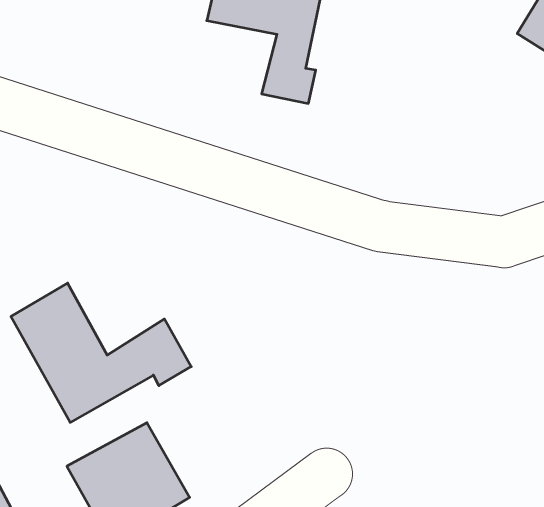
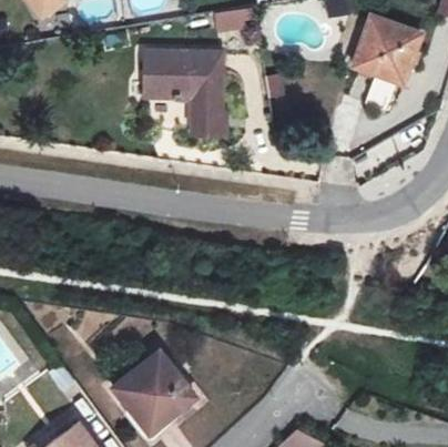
building: [11,283,191,422] -> none

